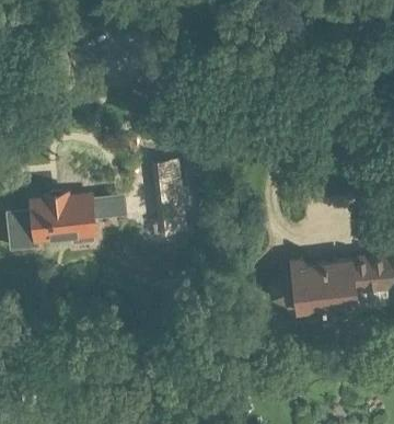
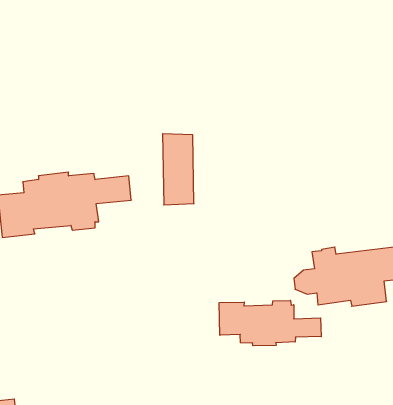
building: none -> [219,300,321,346]

